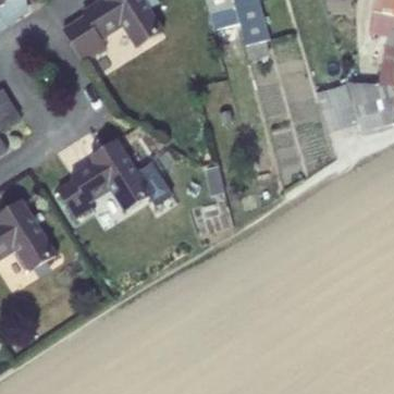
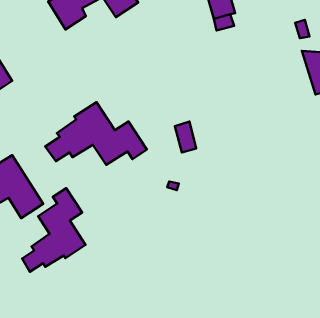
building: [317,85,356,132] -> none
building: none -> [22,188,86,272]

